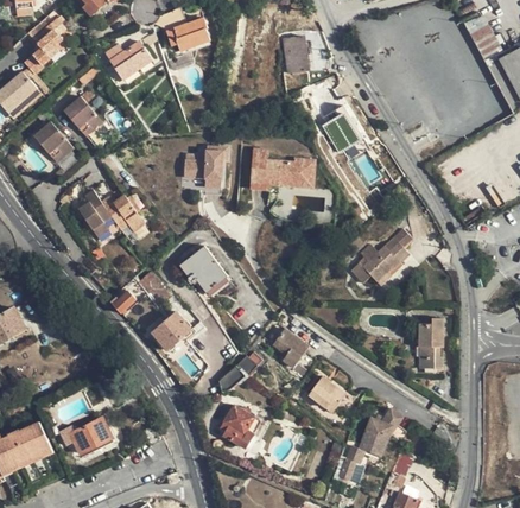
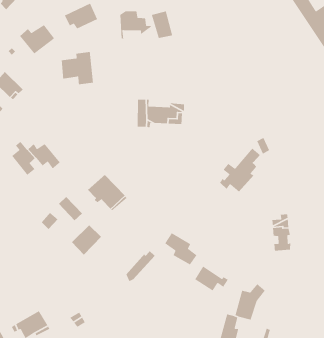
building: none -> [120,11,151,40]
building: [183,144,224,188] -> [61,51,94,85]
building: [220,402,261,447] -> none

